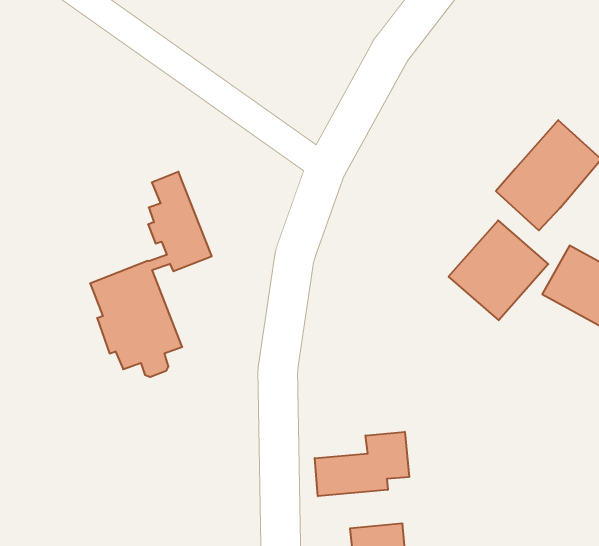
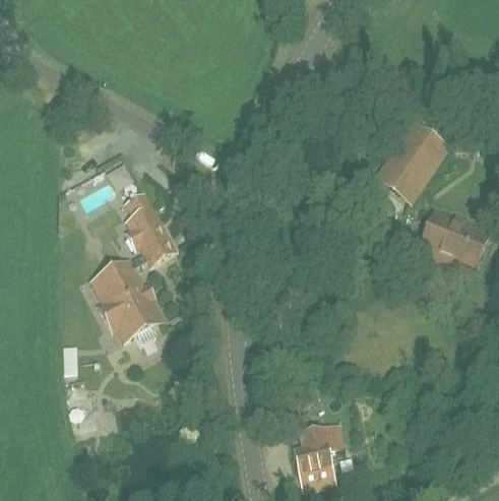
building: [449,220,548,320] -> none
building: [315,432,409,496] -> none

